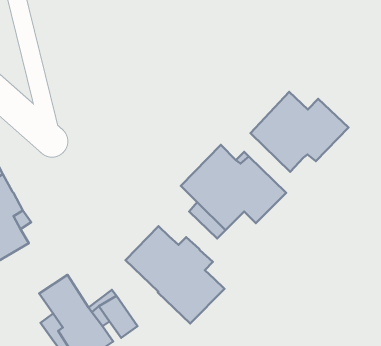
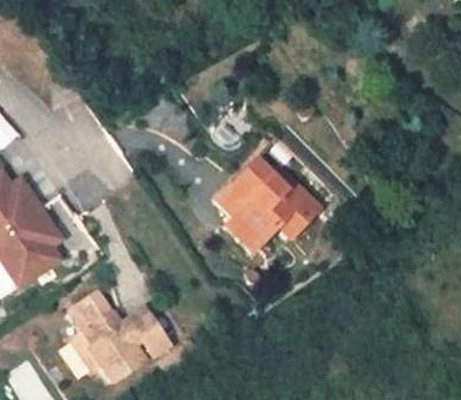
building: [250,92,349,172] -> none
building: [126,226,224,324] -> none

